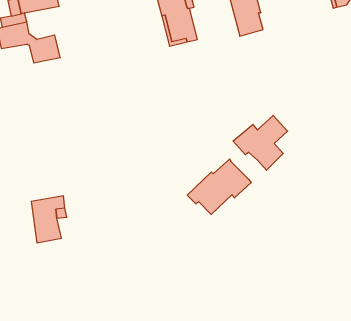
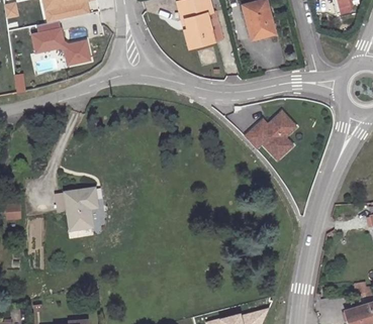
building: [187,159,251,214] -> none

